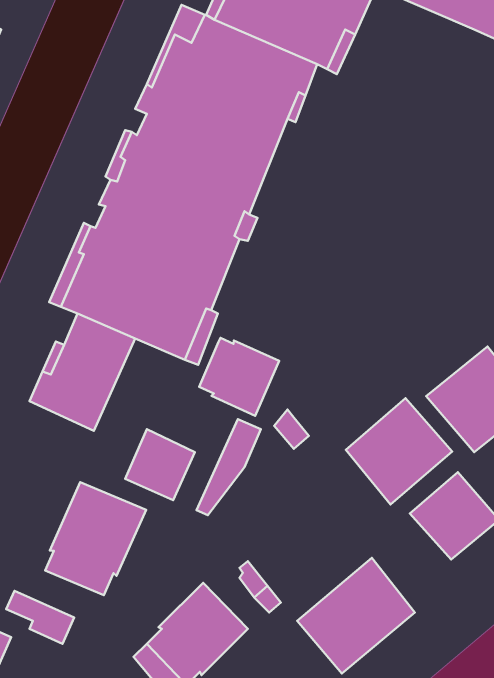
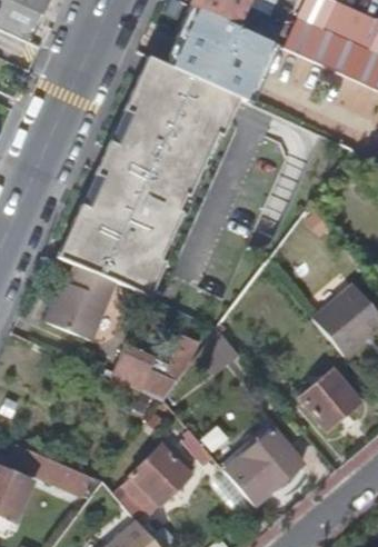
building: [199,338,279,416] -> none
building: [346,398,452,504] -> none
building: [45,482,146,595] -> none

